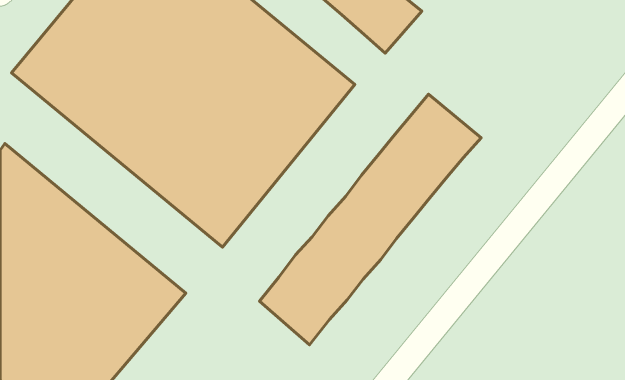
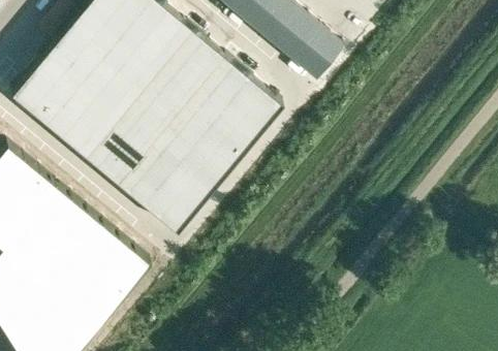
building: [260,94,481,345] -> none

